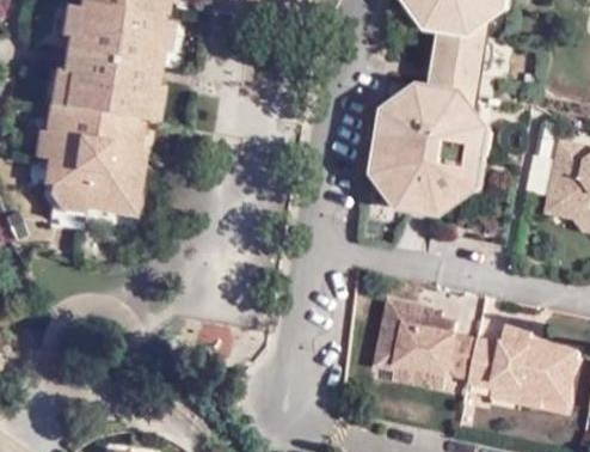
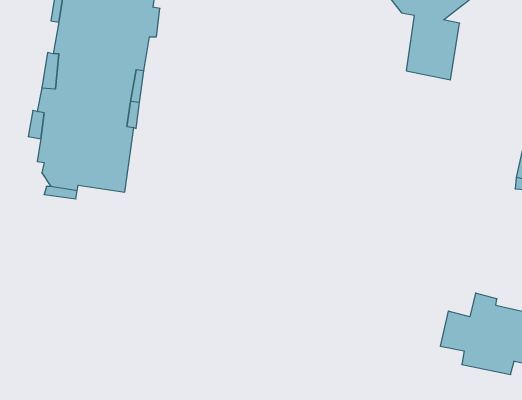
building: [373,85,487,216] -> none
building: [369,299,474,380] -> none

